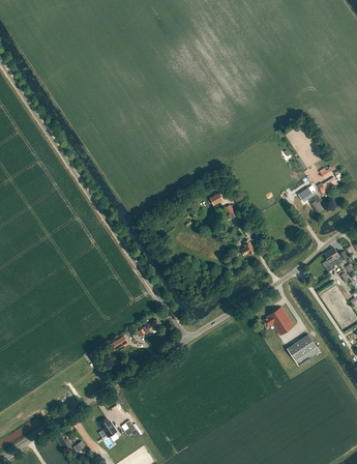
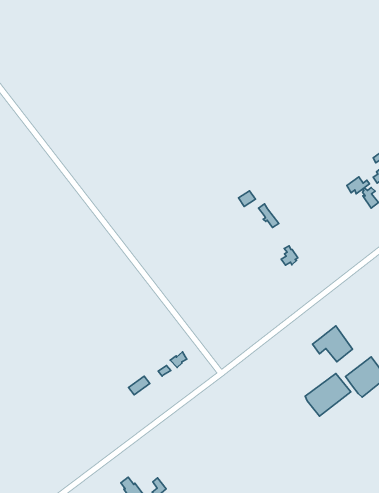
building: none -> [305,373,351,416]

